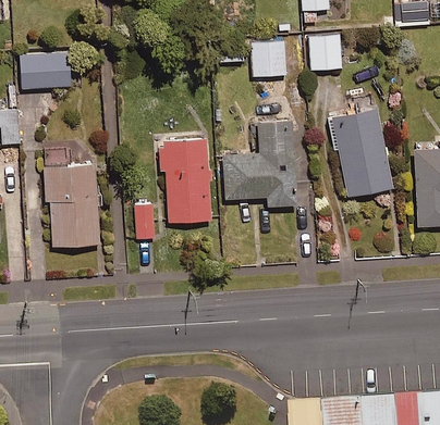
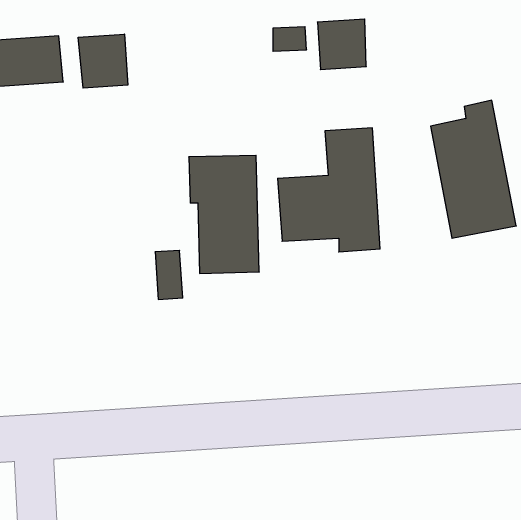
building: [308,34,341,70] -> none
building: none -> [78,34,128,88]
building: [44,163,98,245] -> none

